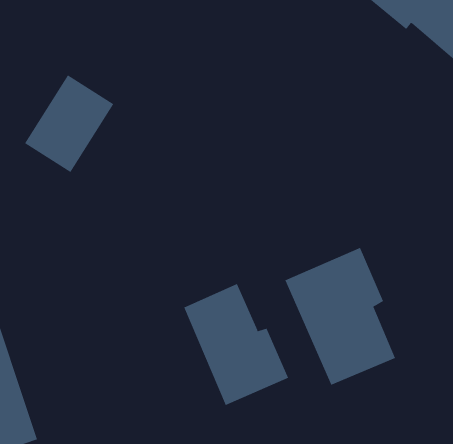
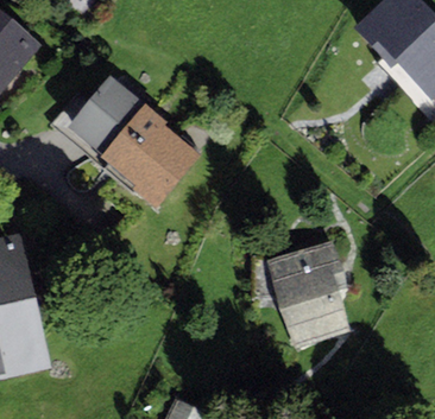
building: none -> [100,102,200,208]
building: [184,283,289,406] -> none

